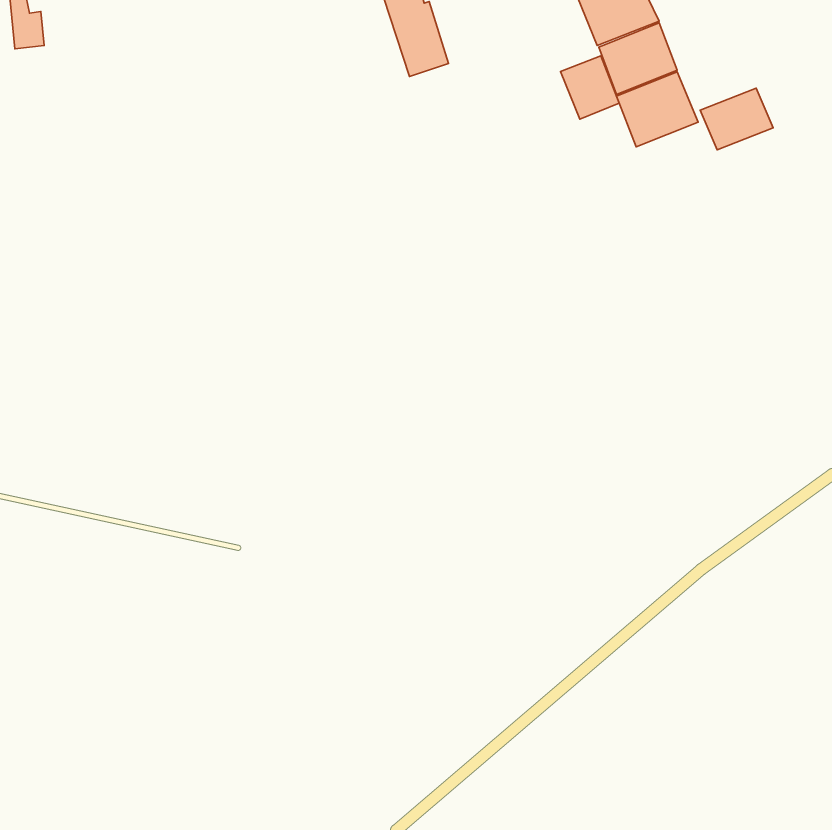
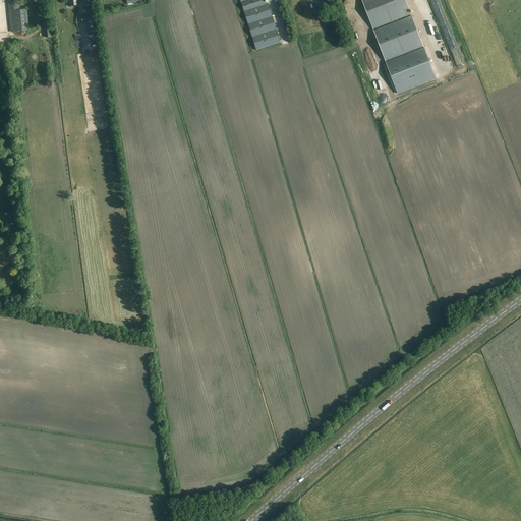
building: [560,56,619,119] -> none
building: [700,88,773,150] -> none

